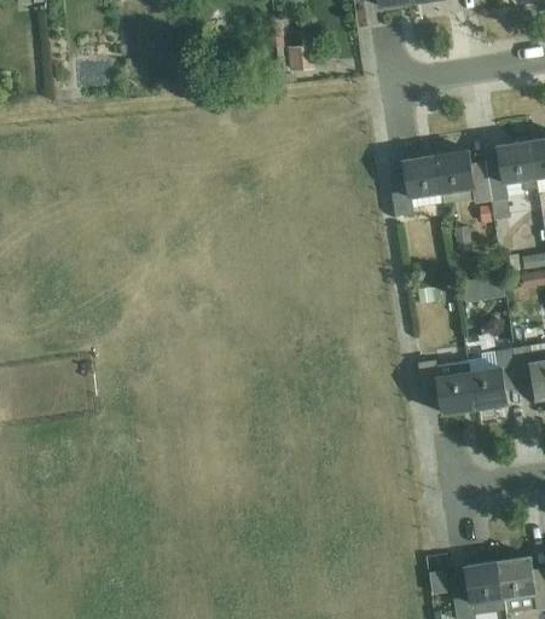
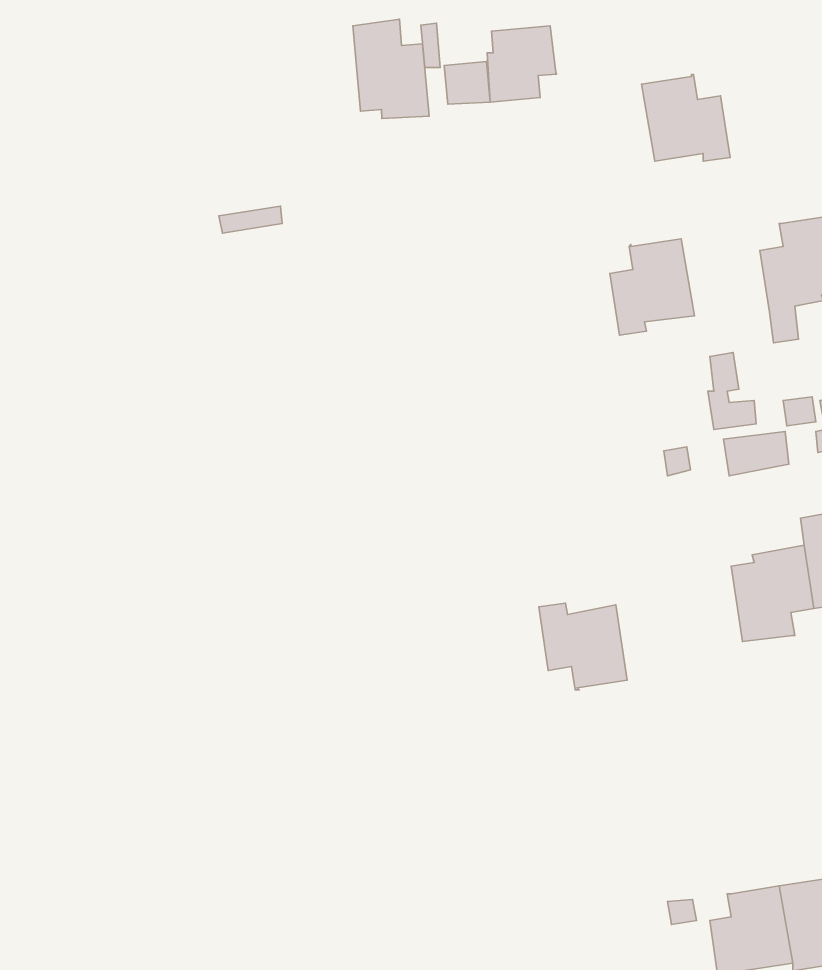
building: none -> [353,19,429,119]
building: none -> [487,26,556,102]
building: [436,149,492,203] -> [641,75,730,161]
building: [419,359,475,413] -> [539,603,627,690]

